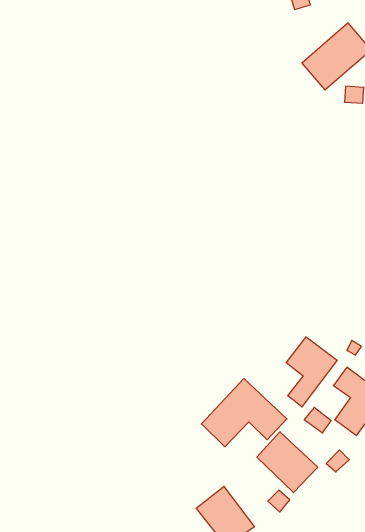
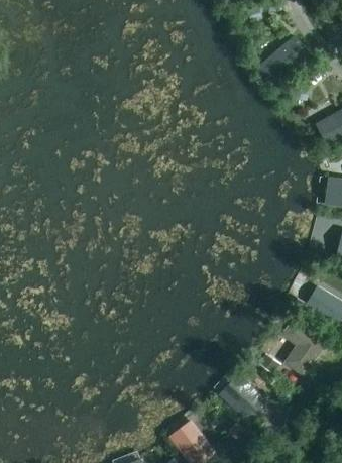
building: [286,337,337,407] -> none
building: [201,379,287,447] -> none

